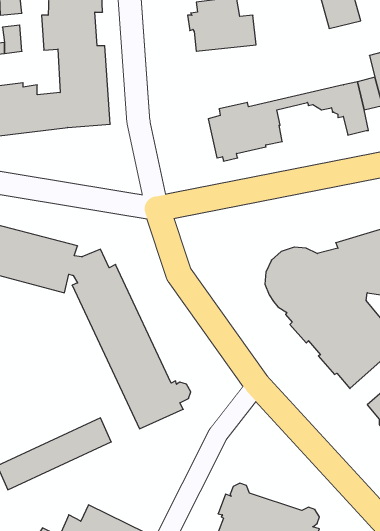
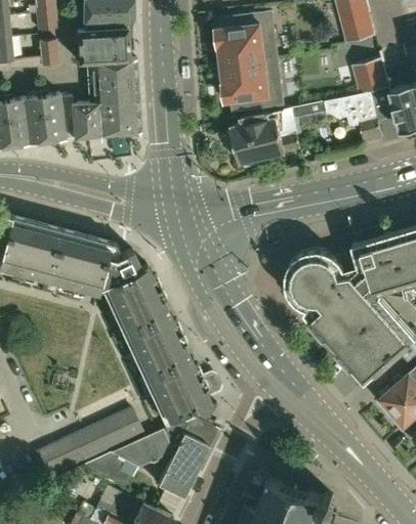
building: none -> [220,58,281,111]
building: none -> [352,59,389,96]
building: none -> [80,404,217,497]

